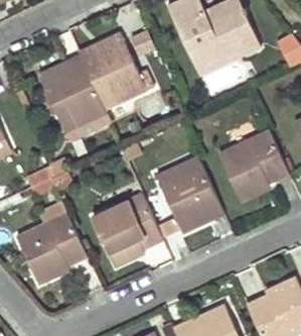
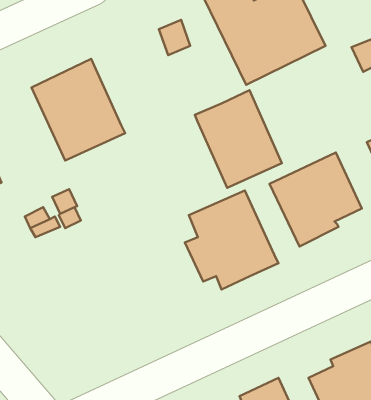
building: [78,31,145,107] -> [195,90,282,188]
building: [92,195,163,265] -> none
building: [15,213,88,285] -> none

